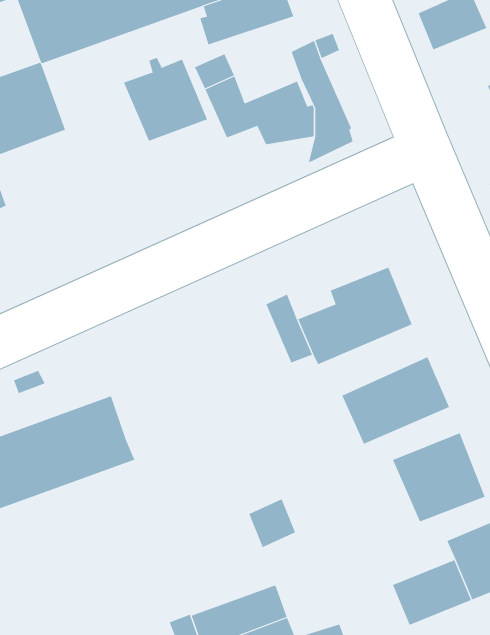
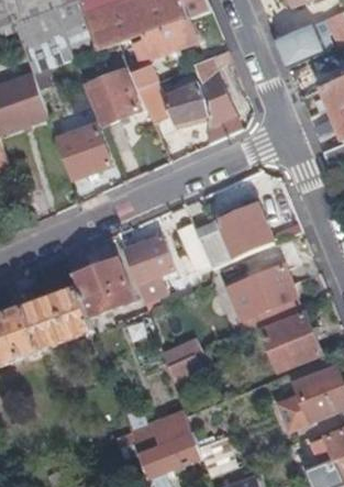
building: none -> [55,121,111,178]
building: none -> [124,235,174,299]
building: none -> [65,248,134,317]

